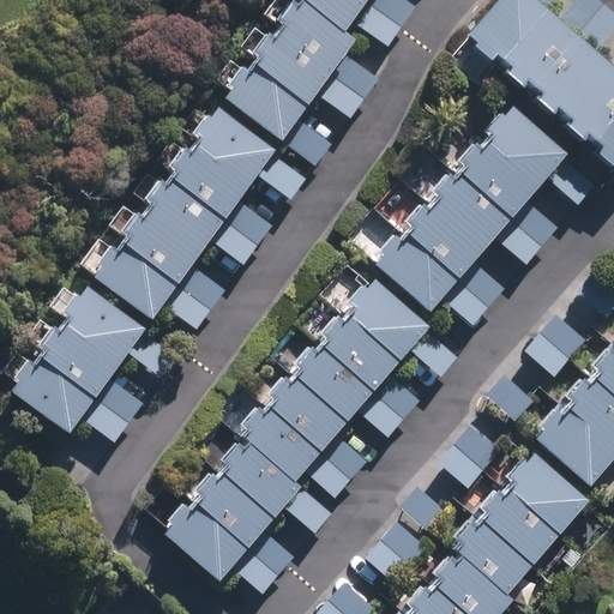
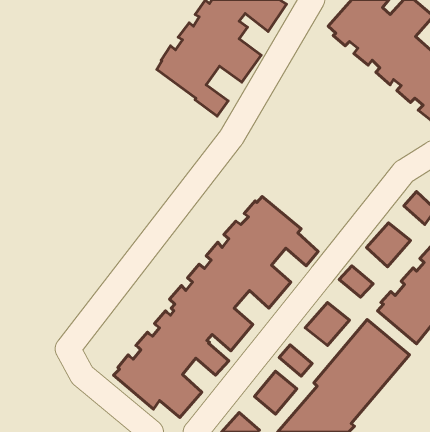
building: [375,104,592,321] -> none
building: [97,108,302,327] -> none
building: [13,285,173,440] -> none

